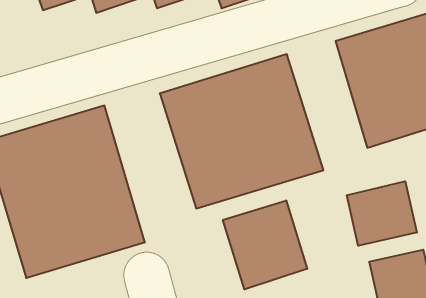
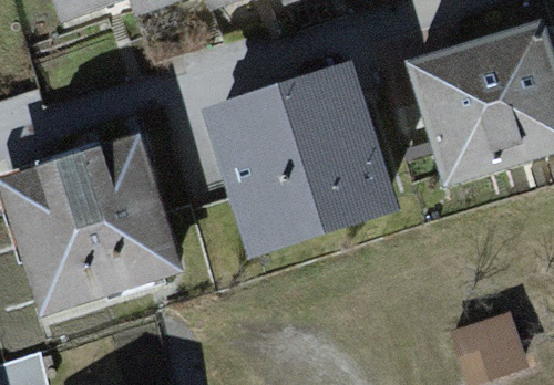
building: [347,181,417,246] -> none
building: [223,200,307,289] -> none

